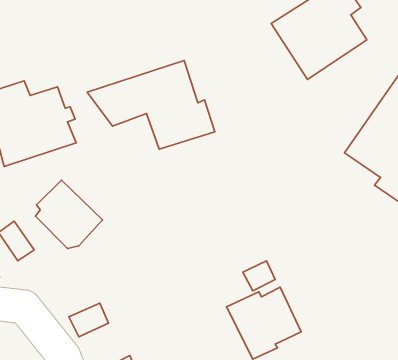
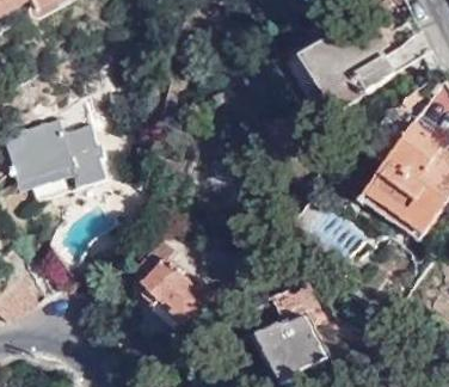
building: [87,60,215,149] -> none
building: [35,180,102,248] -> [140,260,204,326]

